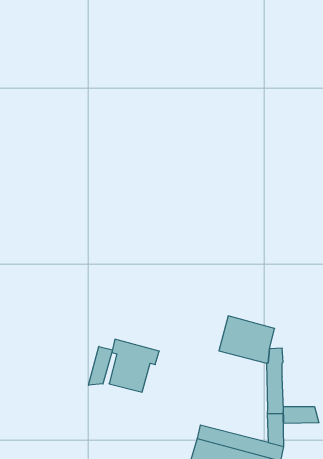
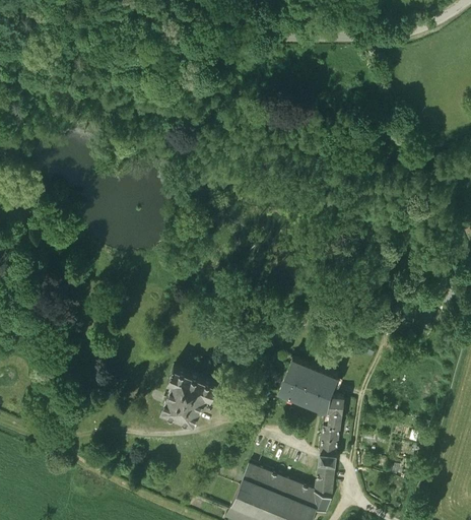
building: [89,346,112,385] -> none
building: [283,406,319,423] -> none

